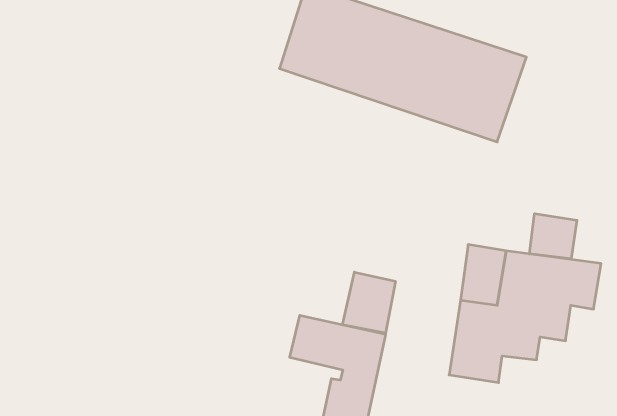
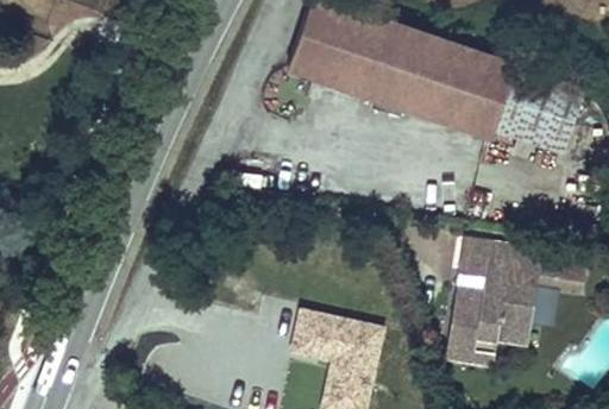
building: [529,214,577,259] -> none
building: [343,272,395,333] -> none

